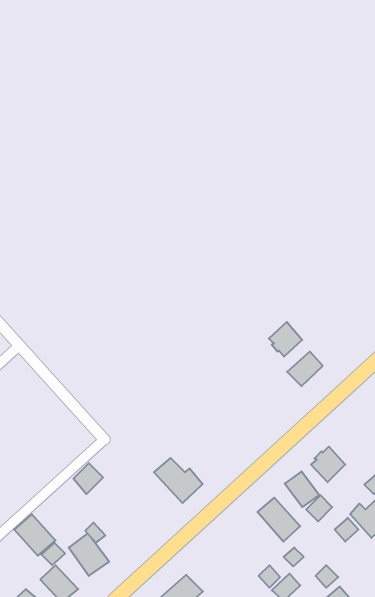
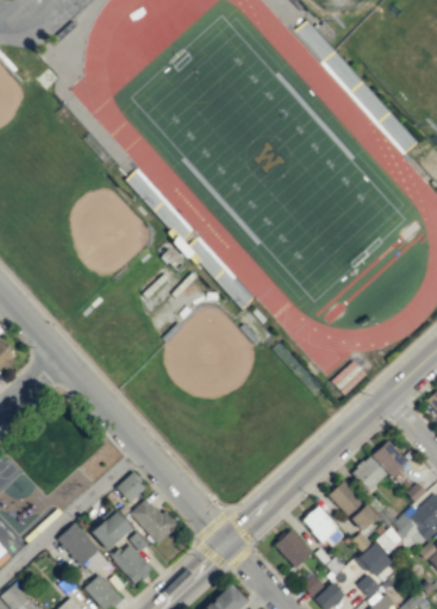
building: [269,322,302,357] -> none
building: none -> [374,441,408,476]
building: [154,458,203,503] -> [130,498,179,544]
building: none -> [90,509,131,550]
building: none -> [274,529,313,569]
building: none -> [357,542,392,578]

